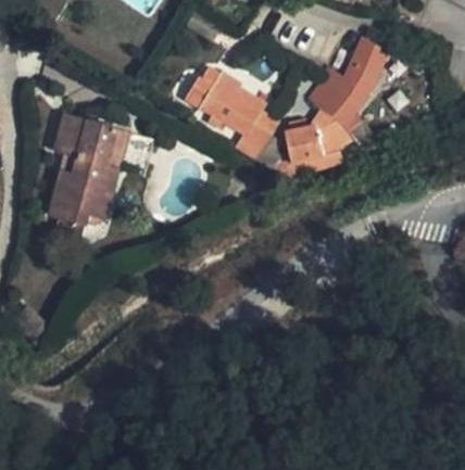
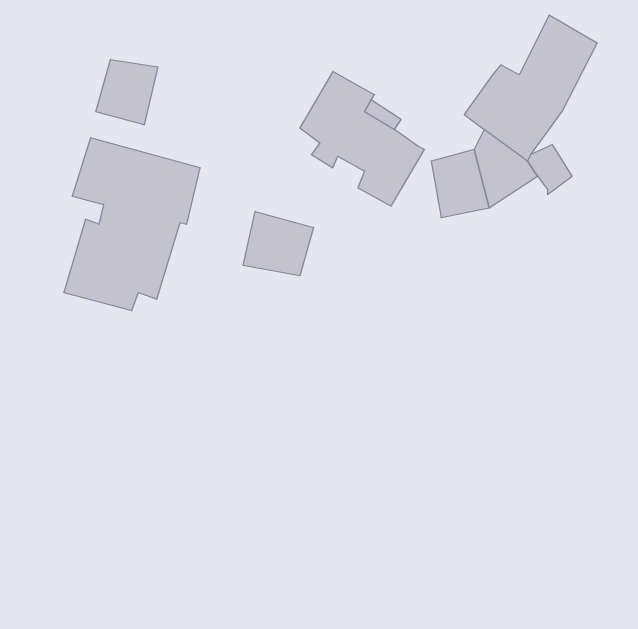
building: none -> [96,59,158,125]
building: none -> [243,211,314,276]

